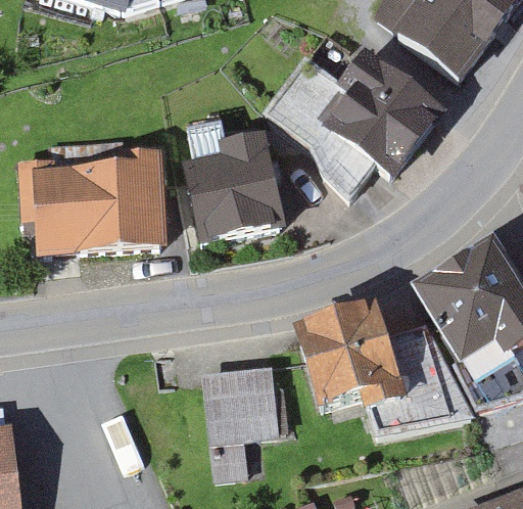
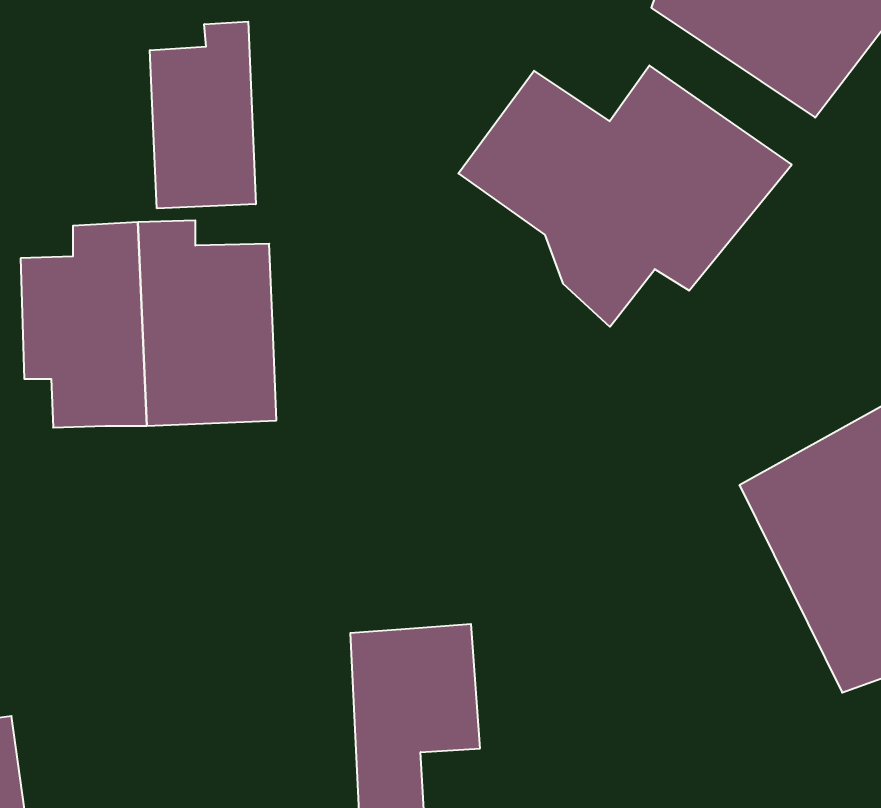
building: none -> [150,22,256,208]
building: [186,128,282,239] -> none
building: [297,303,463,432] -> none

